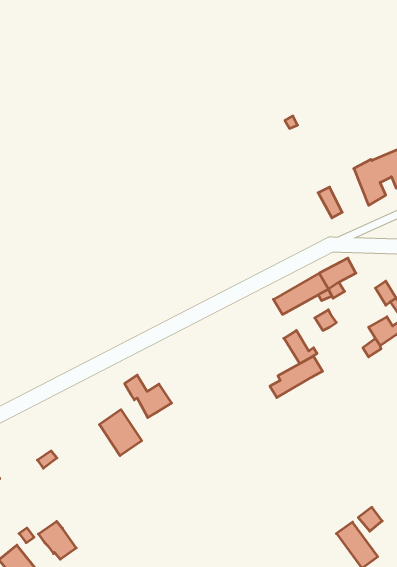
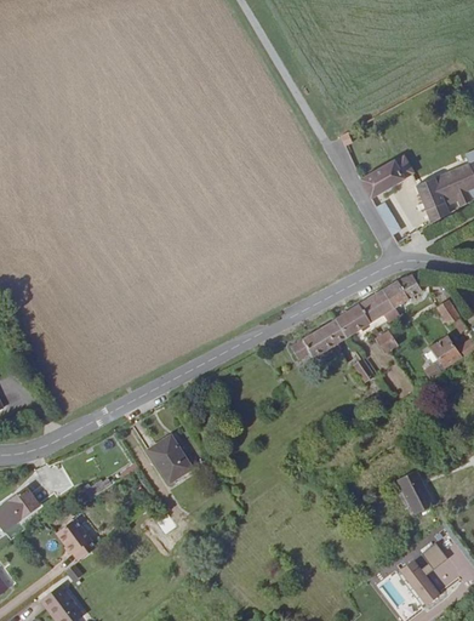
building: none -> [362,160,411,195]
building: [270,356,323,398] -> [285,320,341,364]
building: [125,375,172,418] -> none
building: none -> [396,472,432,517]
building: [38,521,76,559] -> [53,515,93,556]

